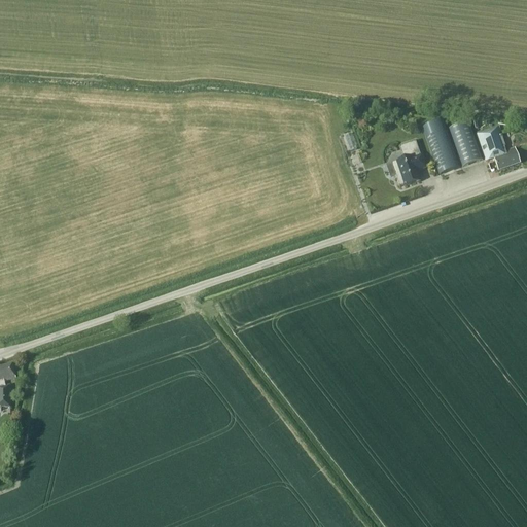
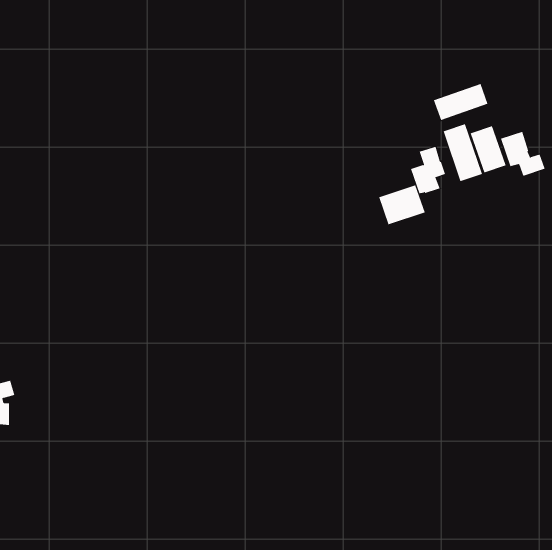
building: none -> [433,83,488,121]
building: none -> [379,185,425,225]

